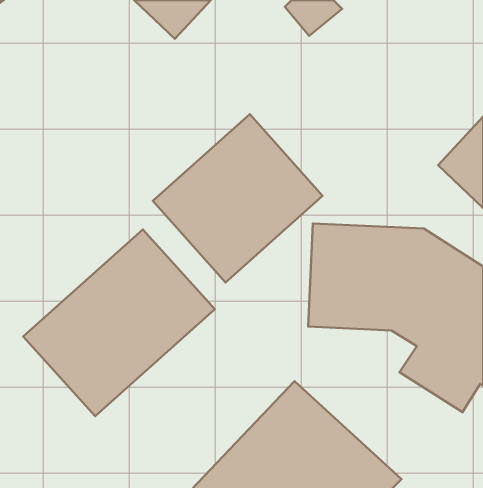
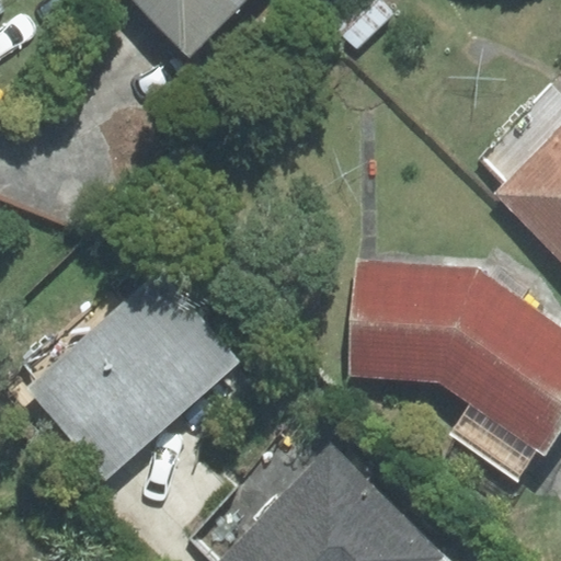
building: [153,114,322,282] -> none

